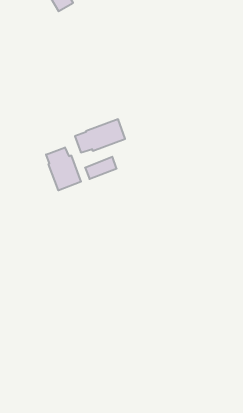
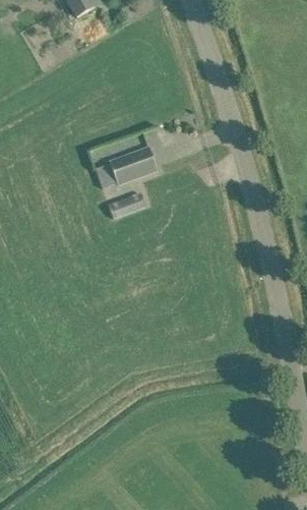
building: [46,147,81,190] -> none

